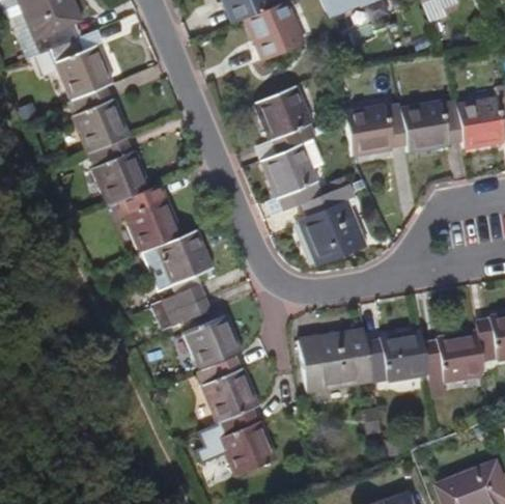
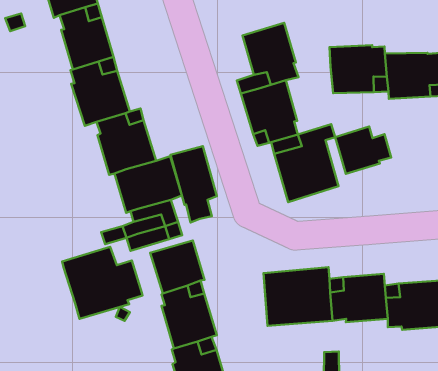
building: none -> [335,127,391,174]
building: none -> [170,146,217,223]
building: none -> [62,247,143,319]

